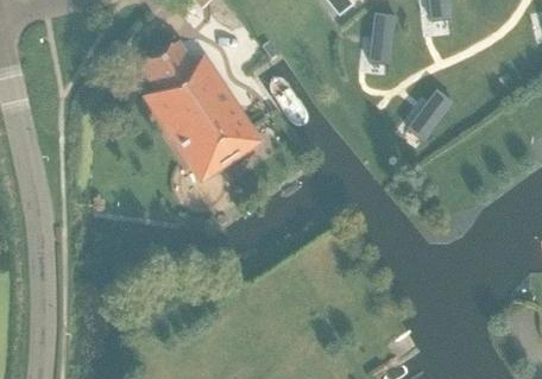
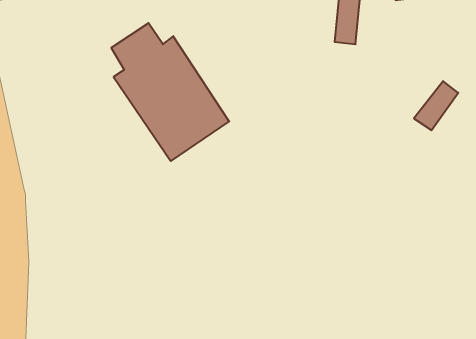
building: [406,89,452,139] -> [414,81,458,130]

